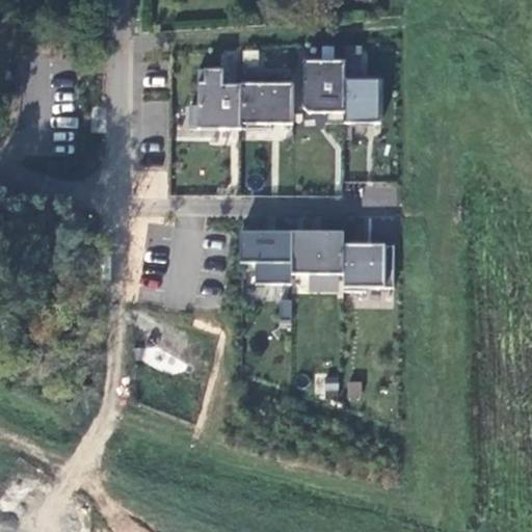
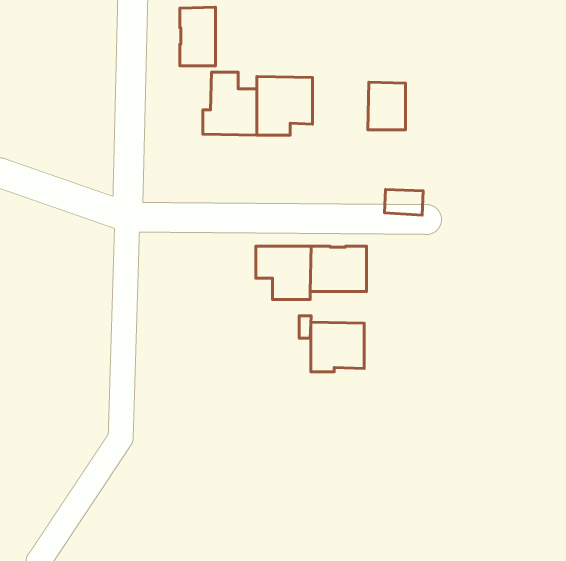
building: none -> [180,7,216,66]
building: [303,58,346,122] -> none
building: [344,243,394,290] -> [311,322,364,372]

